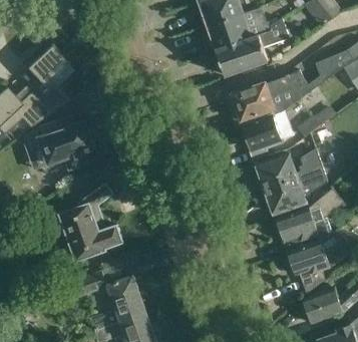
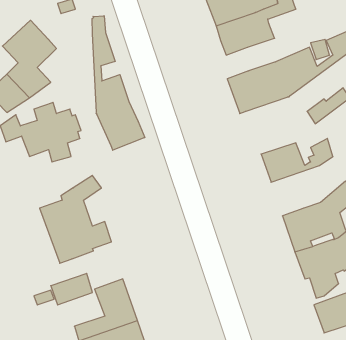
building: none -> [92,16,145,150]
building: [243,111,294,151] -> none
building: [266,166,327,215] -> none

